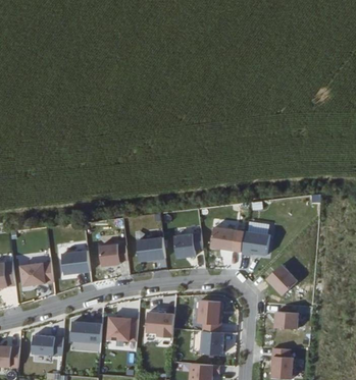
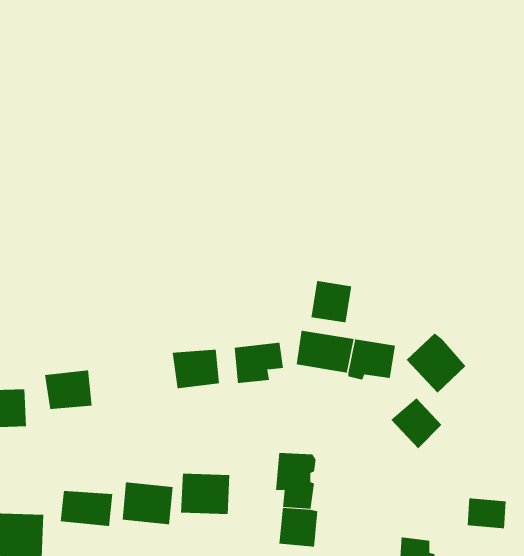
building: none -> [311,280,352,323]
building: none -> [406,333,466,393]
building: [99,243,128,266] -> none
building: [274,312,298,330] -> [467,498,506,529]

